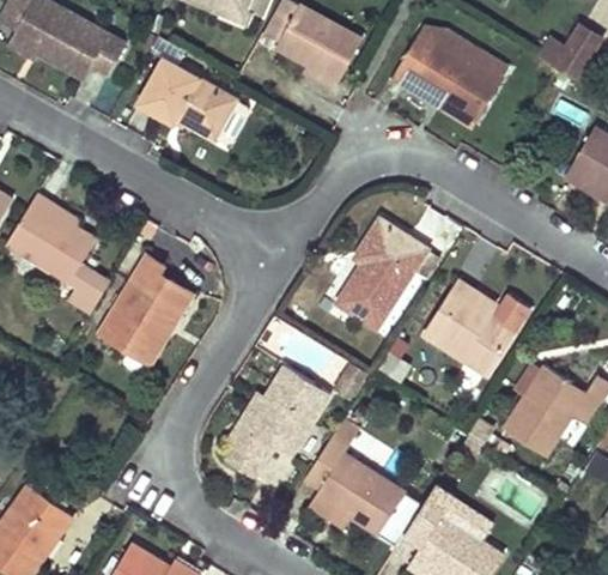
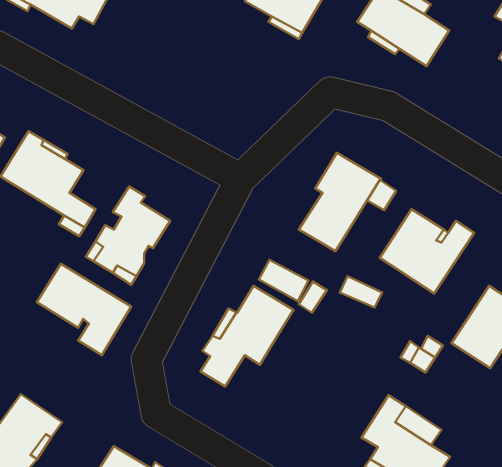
building: [138,59,237,138] -> none
building: none -> [37,264,131,355]
building: [306,432,406,533] -> none

